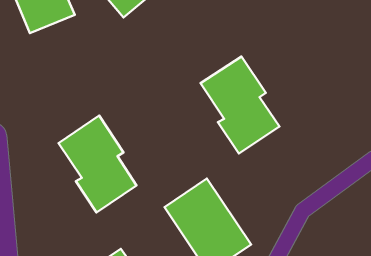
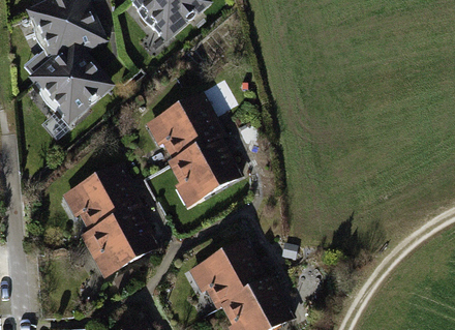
building: none -> [25,52,100,123]
building: [201,56,280,153] -> [156,90,250,206]

